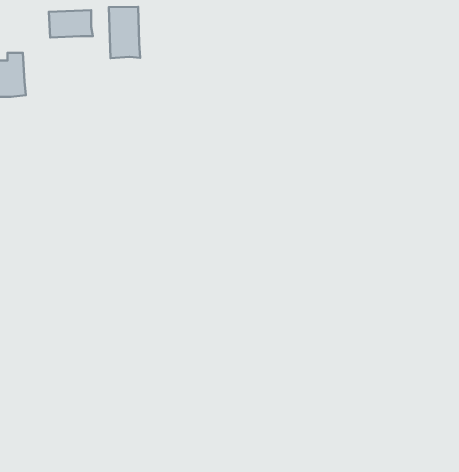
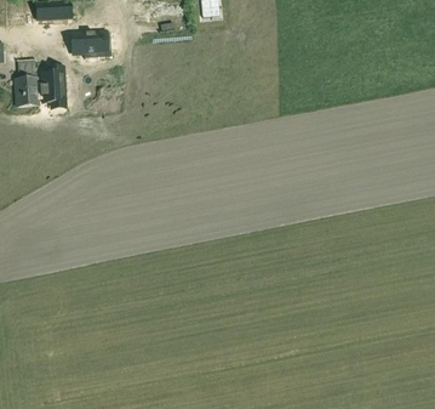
building: [109,7,140,58] -> none

